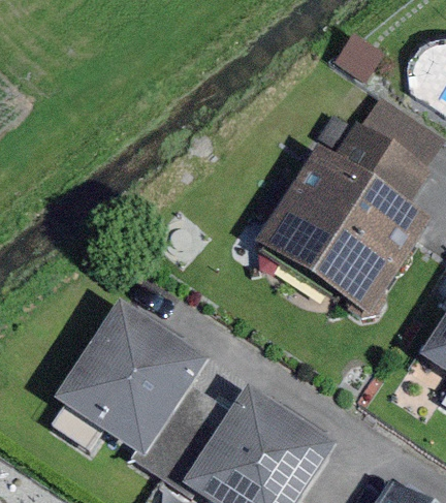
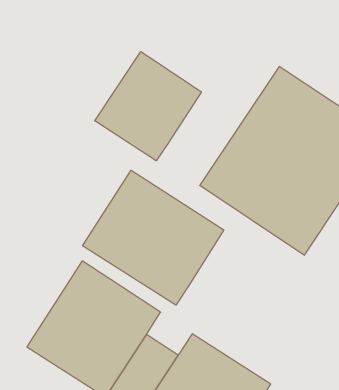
building: none -> [95,52,202,161]
building: none -> [83,170,224,305]

